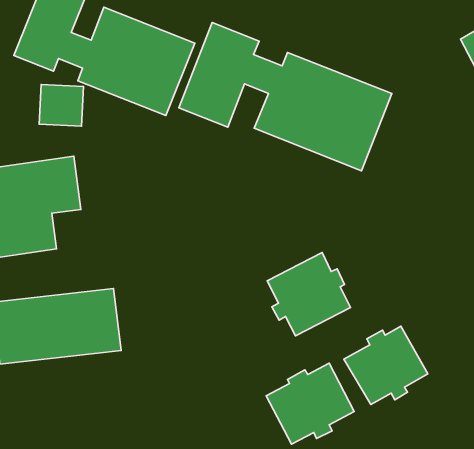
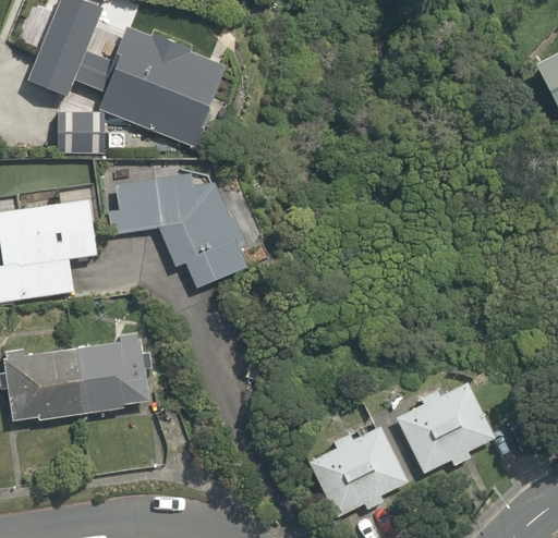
building: [179,23,392,171] -> none
building: none -> [102,170,268,289]
building: [267,252,350,336] -> none

